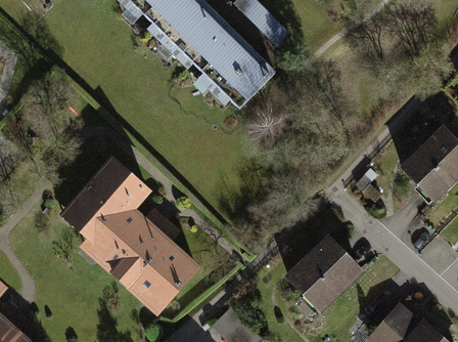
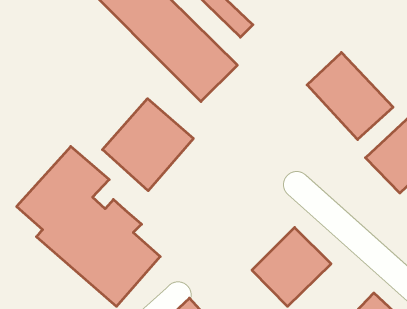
building: none -> [307,52,393,140]
building: none -> [102,99,193,191]

